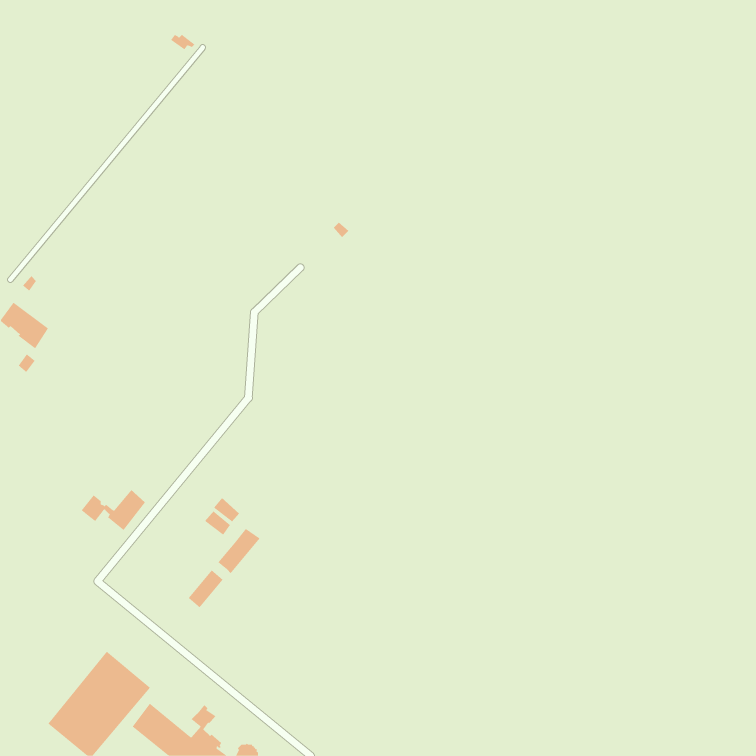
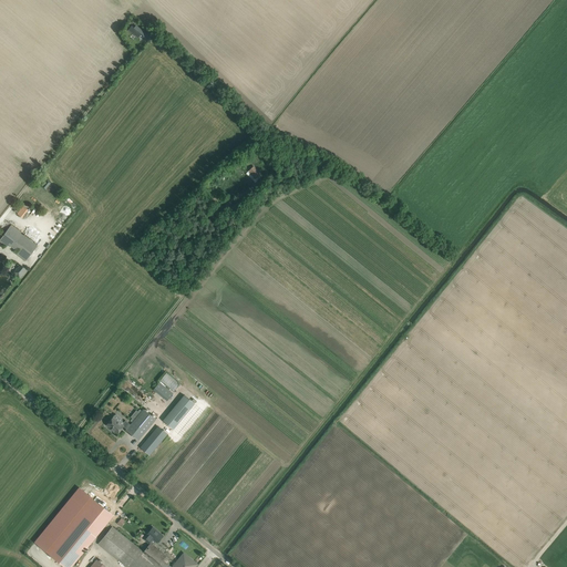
building: [81,489,146,531] -> [106,410,155,441]

